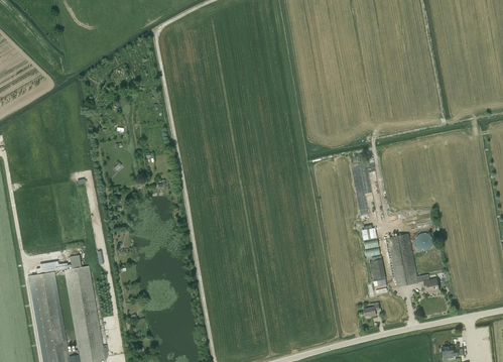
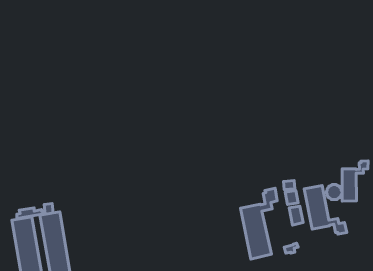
building: none -> [342,161,368,201]
building: none -> [240,188,277,259]

